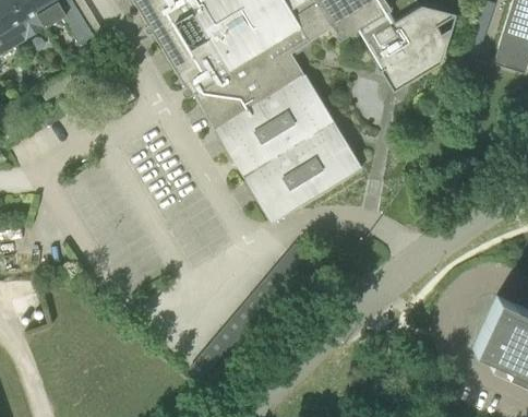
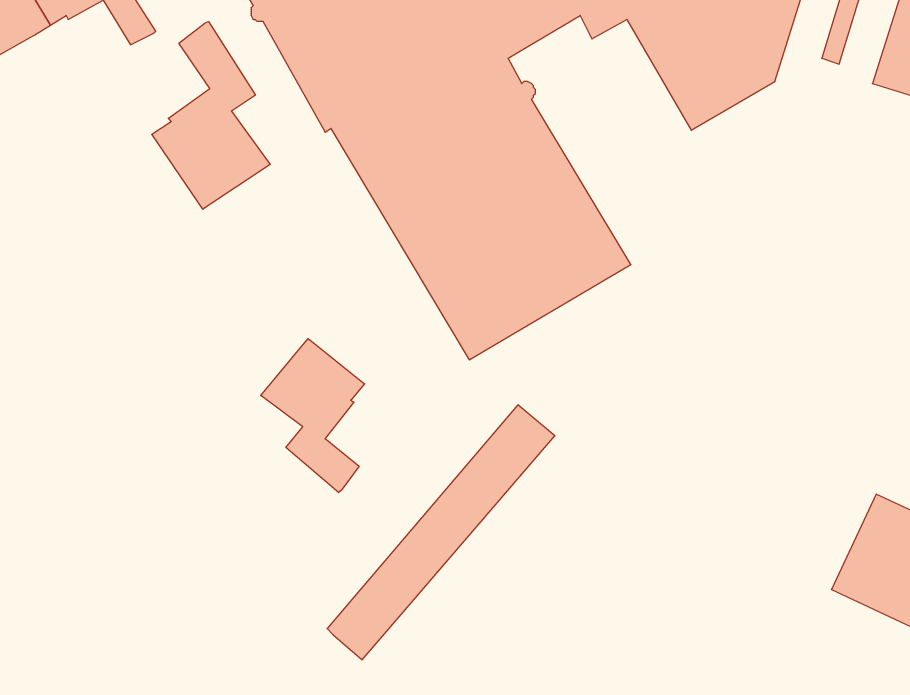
building: none -> [152,22,270,209]
building: none -> [261,339,365,493]

